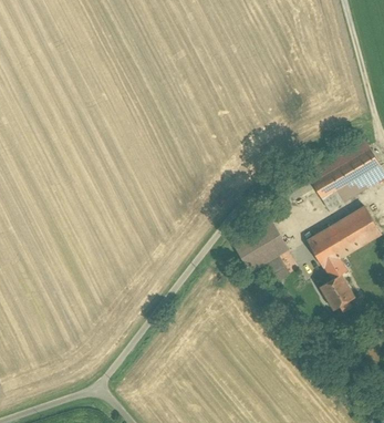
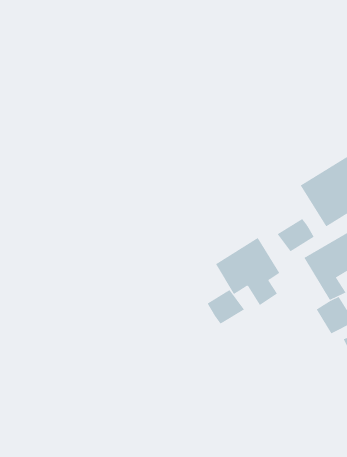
building: none -> [277,218,314,252]
building: none -> [207,289,245,325]

